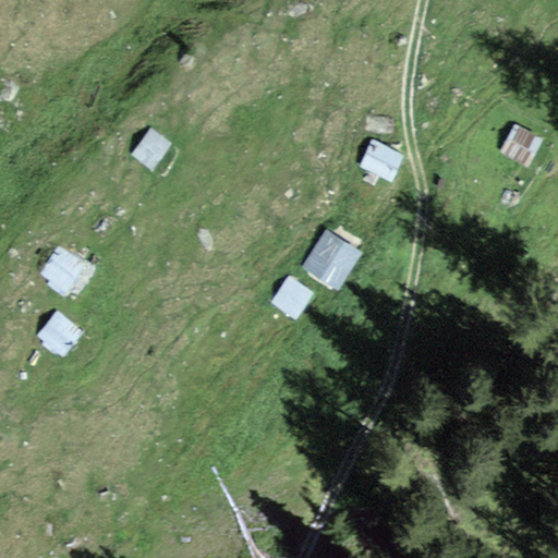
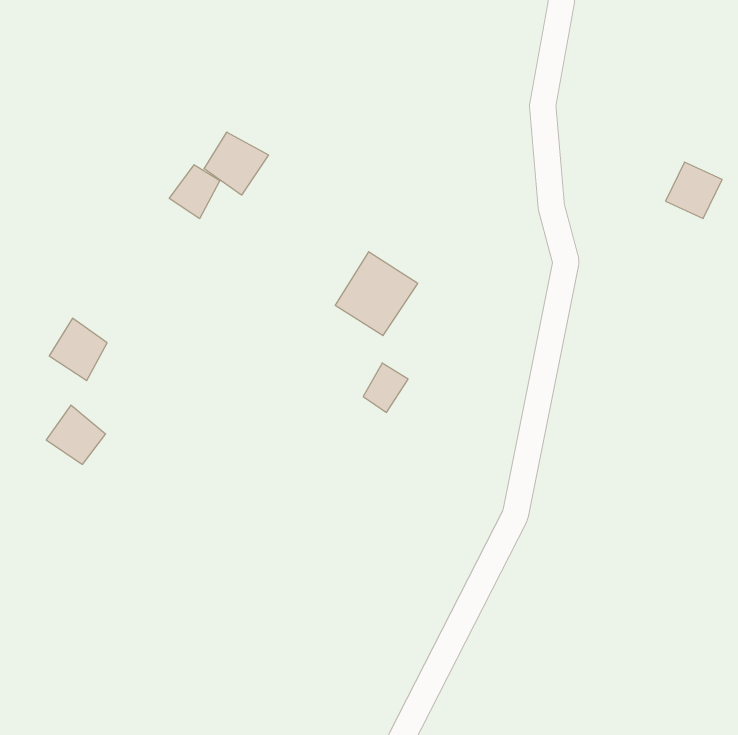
building: none -> [204,132,268,195]
building: [360,140,400,180] -> none
building: [301,229,363,292] -> [335,252,418,336]

